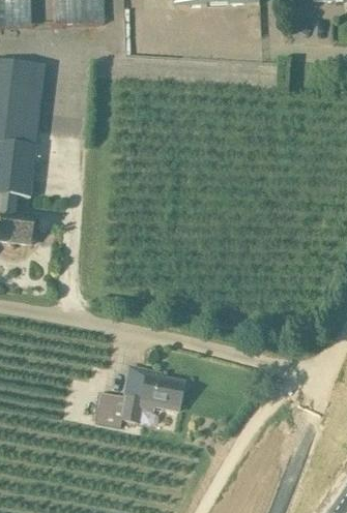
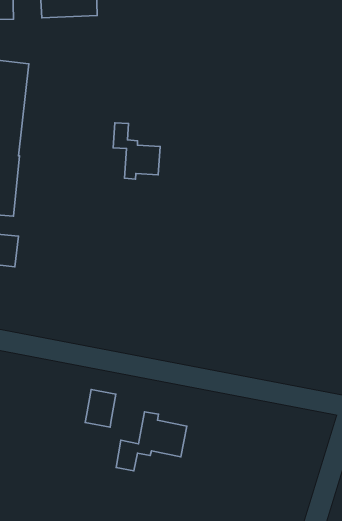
building: none -> [113,123,160,179]
building: [96,391,123,424] -> [85,390,116,427]

